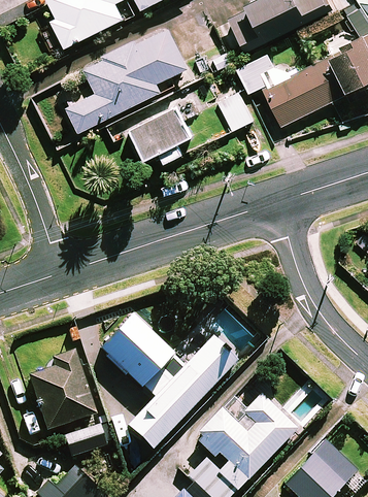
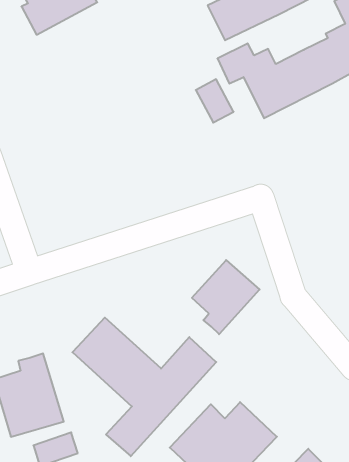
building: [68,26,188,130] -> none
building: [132,106,191,161] -> none
building: none -> [192,260,260,334]

